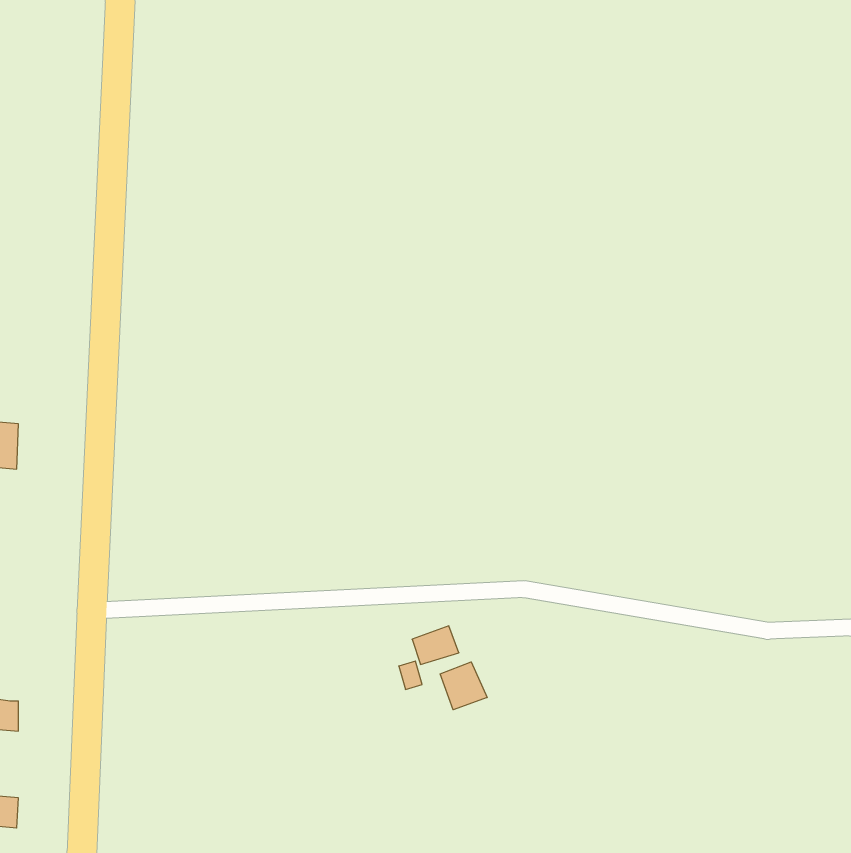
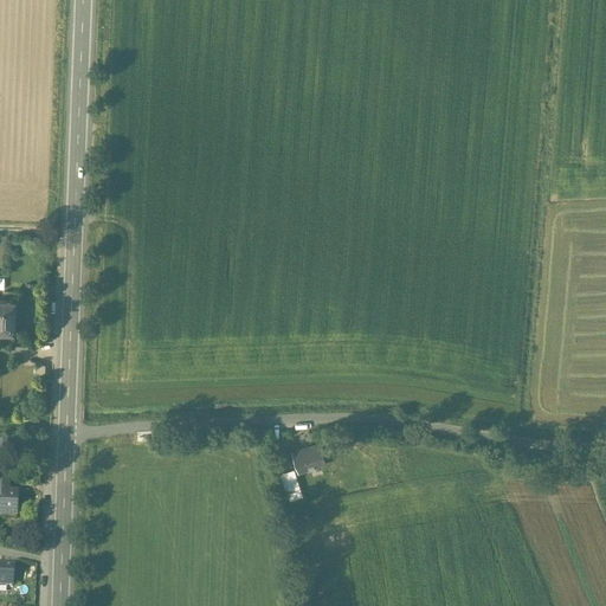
building: [440,662,487,710] -> none

